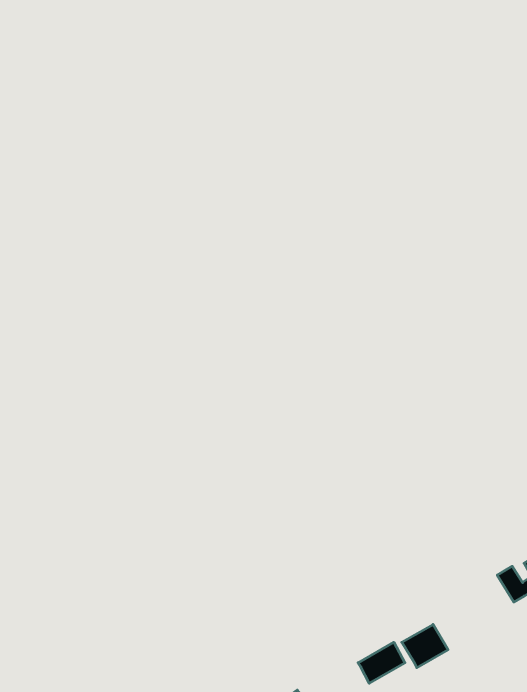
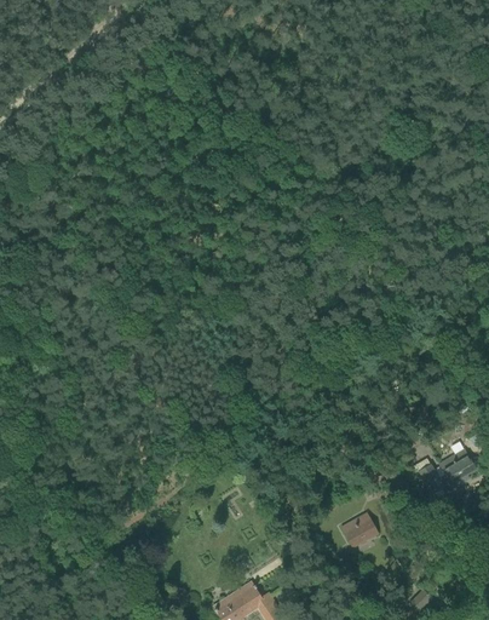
building: [358,642,405,683] -> none

